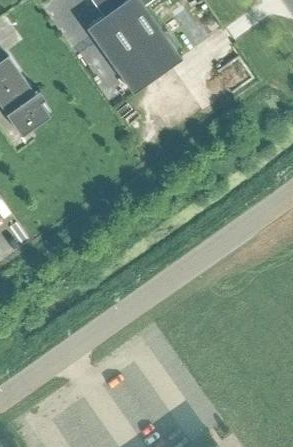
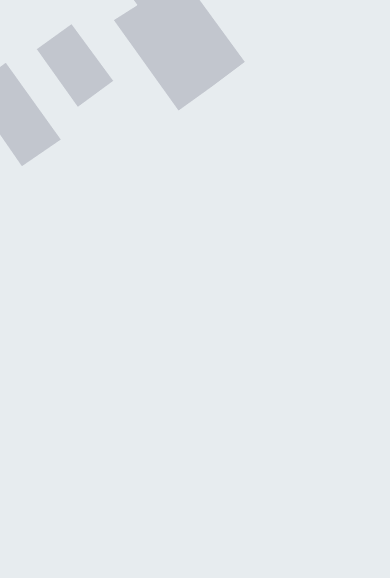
building: none -> [36,23,114,108]

